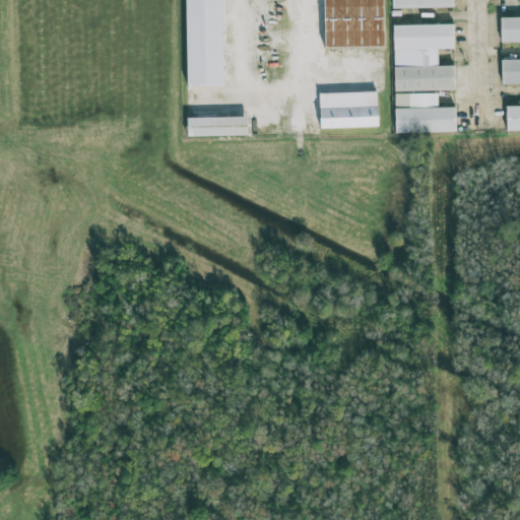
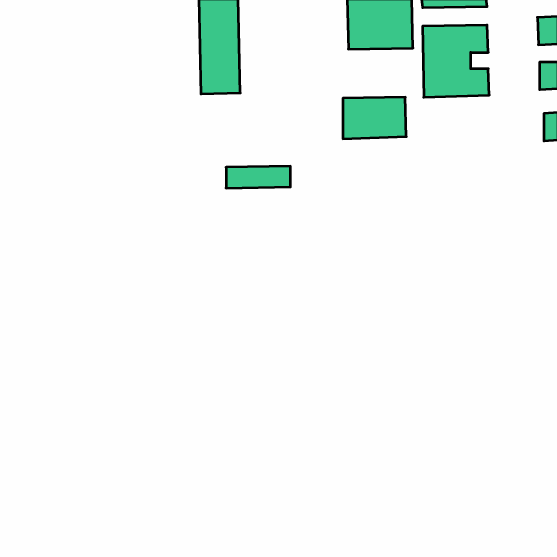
building: [395,91,456,132] -> none
building: [188,116,248,136] -> [226,166,290,188]

